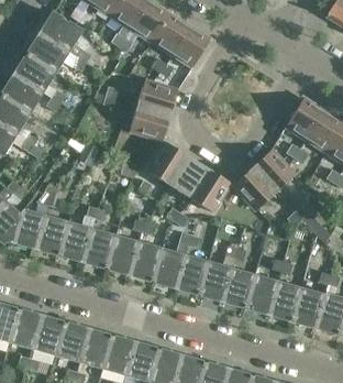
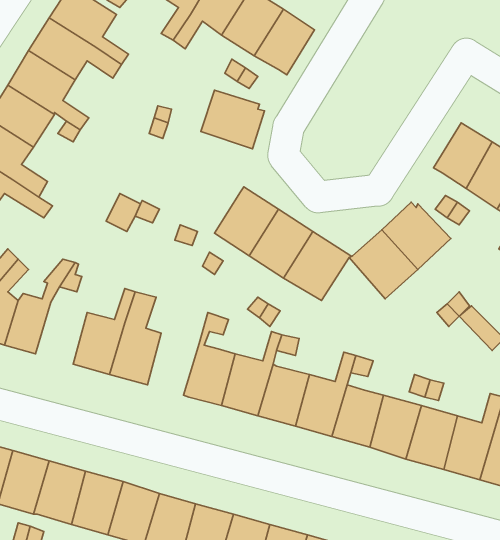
building: [129,103,169,142] -> none
building: [31,212,64,252] -> none
building: [102,218,141,272] -> none

